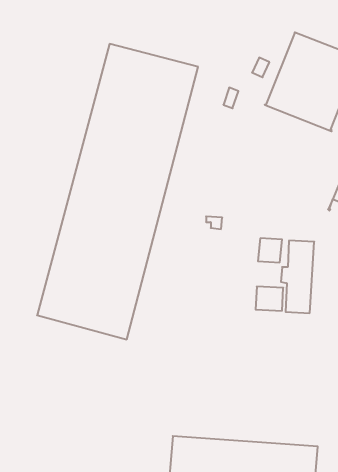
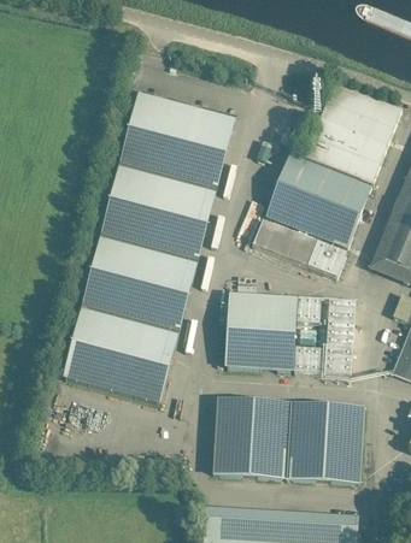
building: none -> [253,154,371,277]
building: none -> [228,293,295,371]
building: none -> [213,400,365,480]

